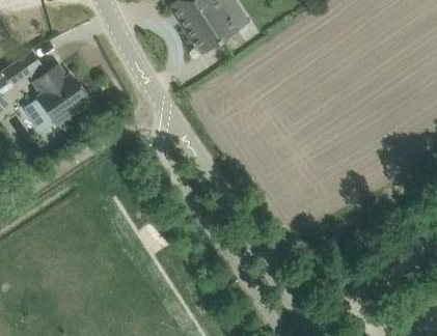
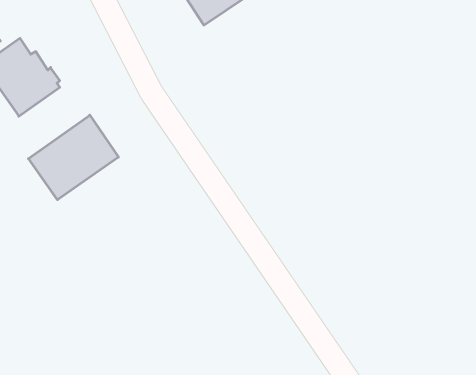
building: none -> [28,115,118,200]

